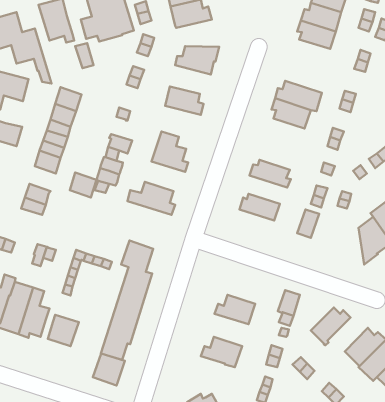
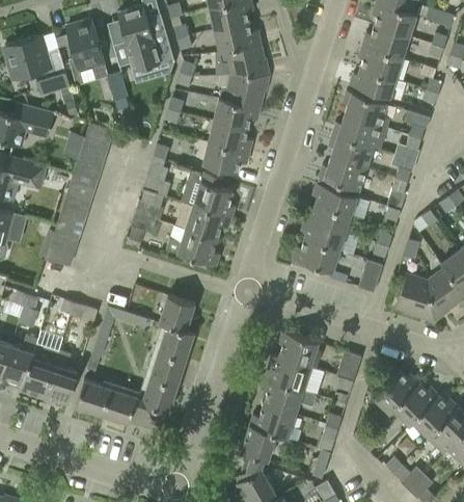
building: none -> [221,45,270,76]
building: none -> [350,68,397,99]
building: none -> [343,90,389,128]
building: none -> [214,97,261,129]
building: none -> [203,142,249,174]
building: none -> [319,157,366,190]
building: none -> [312,184,361,215]
building: none -> [186,206,231,239]
building: [70,173,96,197] -> [55,211,85,239]
building: none -> [301,221,347,254]
building: none -> [395,273,434,322]
building: none -> [276,331,319,367]
building: none -> [262,378,317,415]
building: none -> [392,382,438,426]
building: [93,353,125,386] -> [102,388,138,424]
building: none -> [241,426,276,465]

